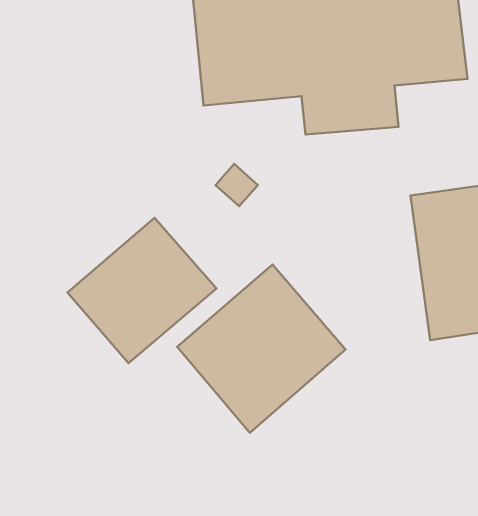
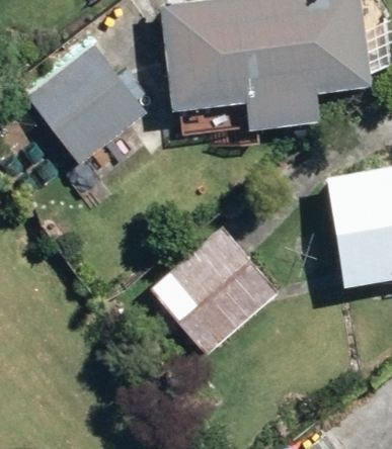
building: none -> [26,46,147,168]
building: [68,218,216,363] -> none

